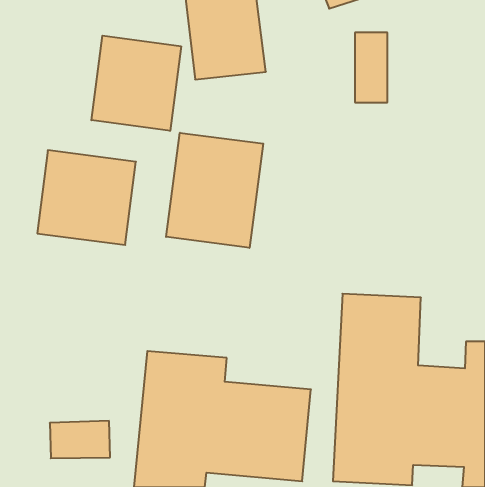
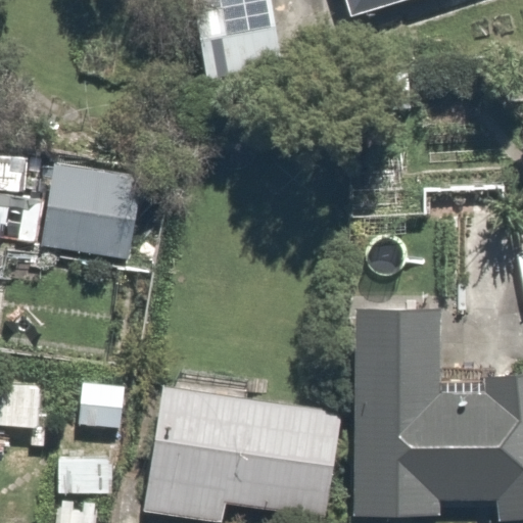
building: [91,36,181,131] -> none
building: [166,133,263,248] -> none

